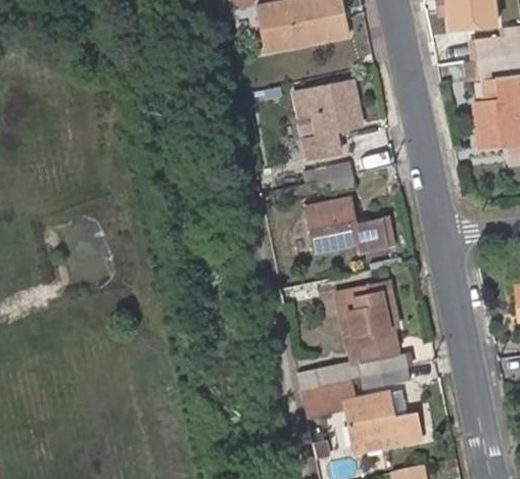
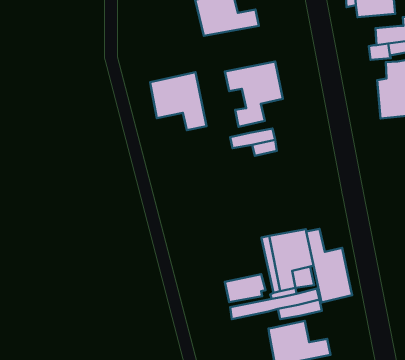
building: none -> [150,72,207,130]
building: [308,197,388,250] -> none
building: none -> [306,229,352,303]
building: [301,380,350,414] -> [225,274,266,302]

